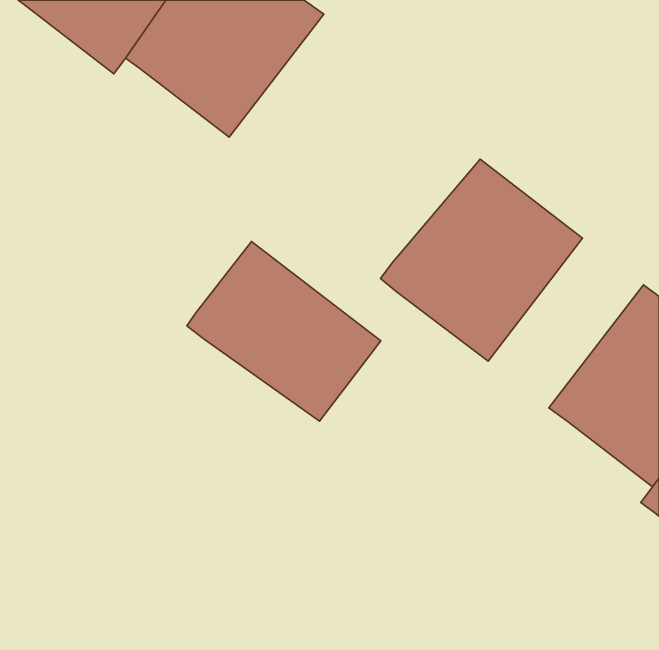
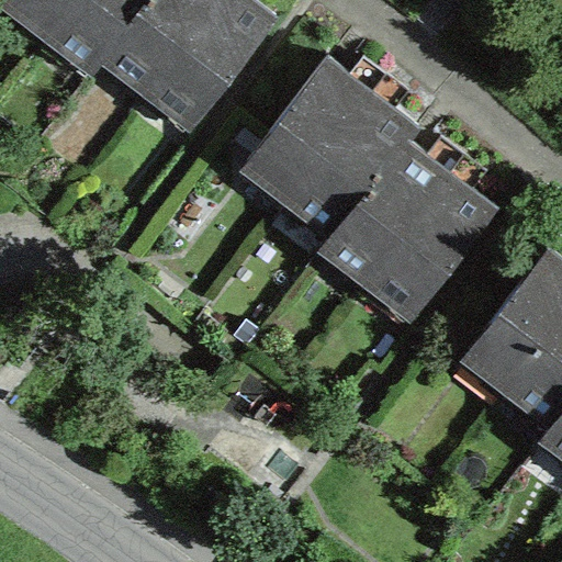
building: none -> [246,61,417,233]
building: [187,241,381,421] -> none

